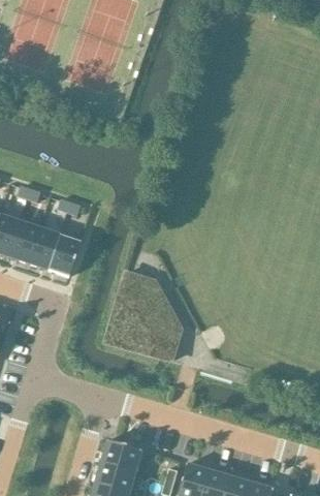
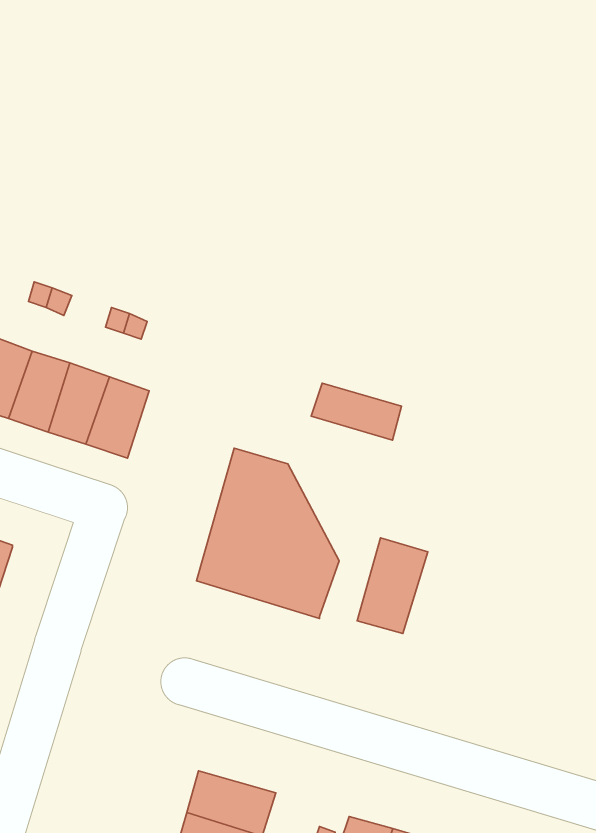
building: none -> [311,383,401,440]
building: none -> [357,538,428,634]

